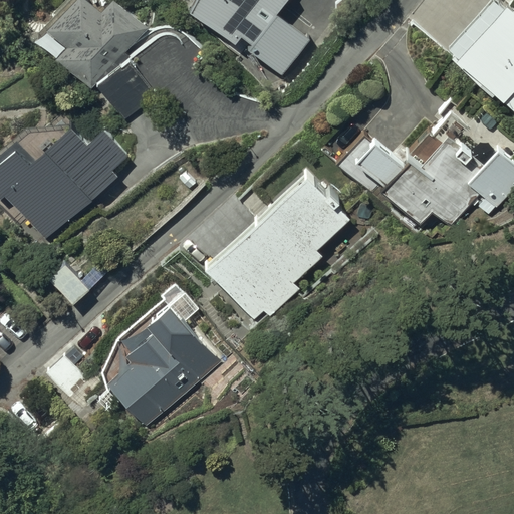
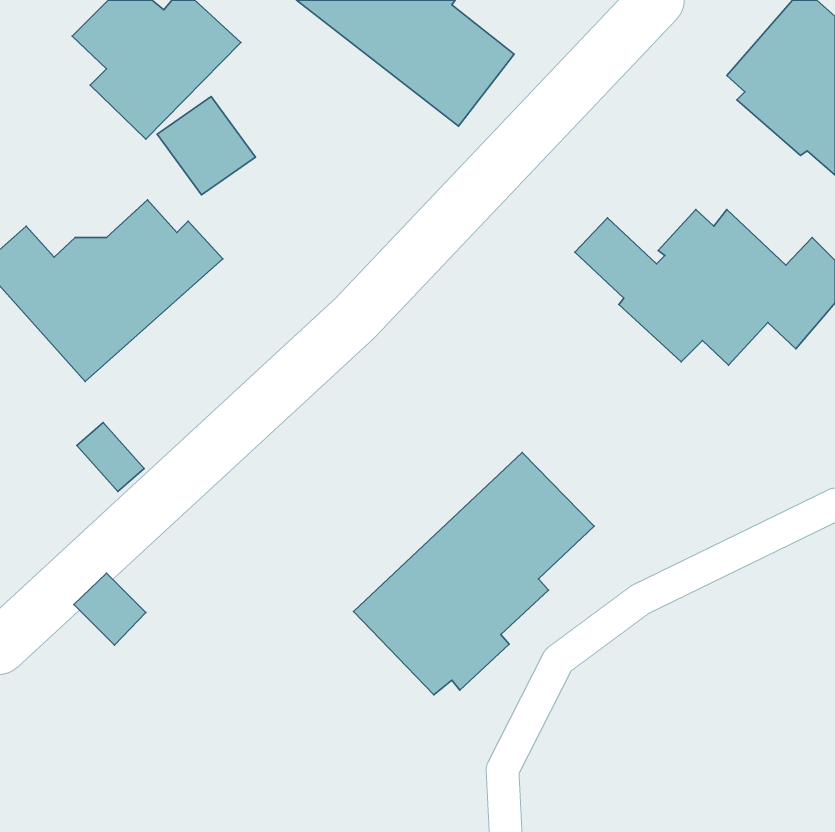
building: [203,173,350,321] -> [354,453,594,695]
building: [99,283,221,429] -> none

